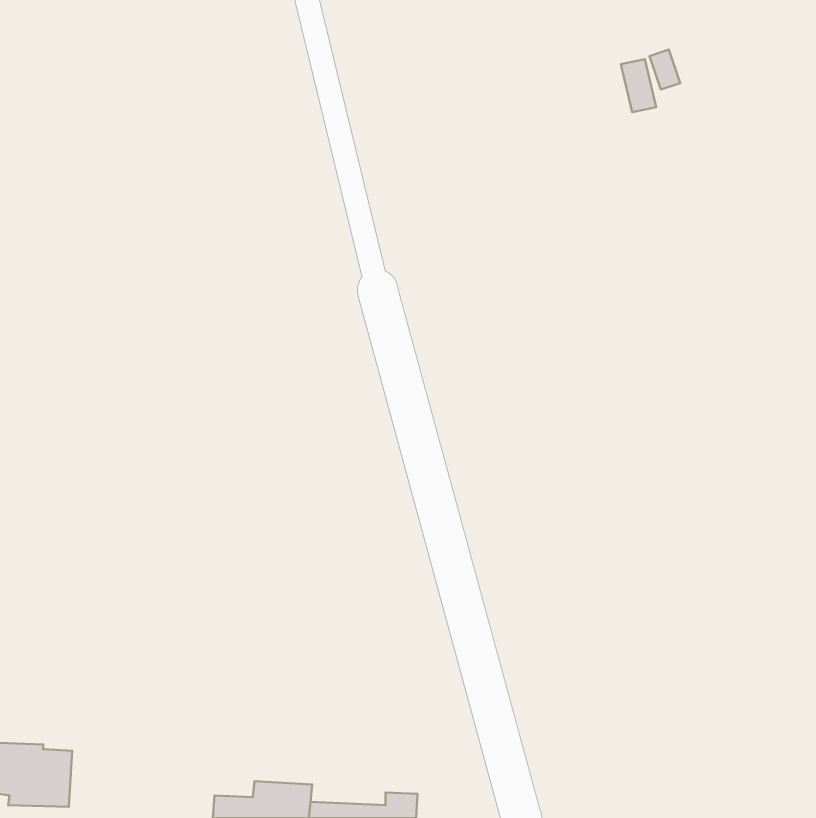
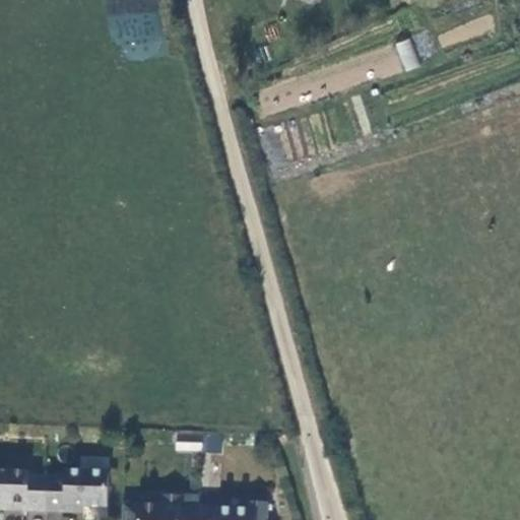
building: none -> [44,471,107,513]

